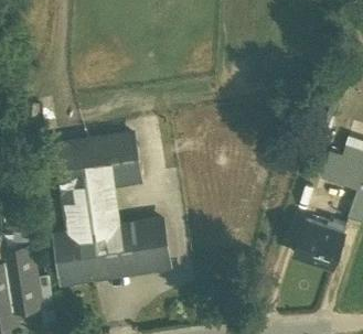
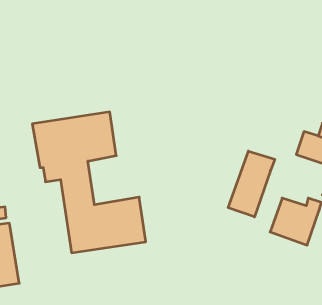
building: none -> [228,151,275,217]
building: [57,204,95,283] -> none

